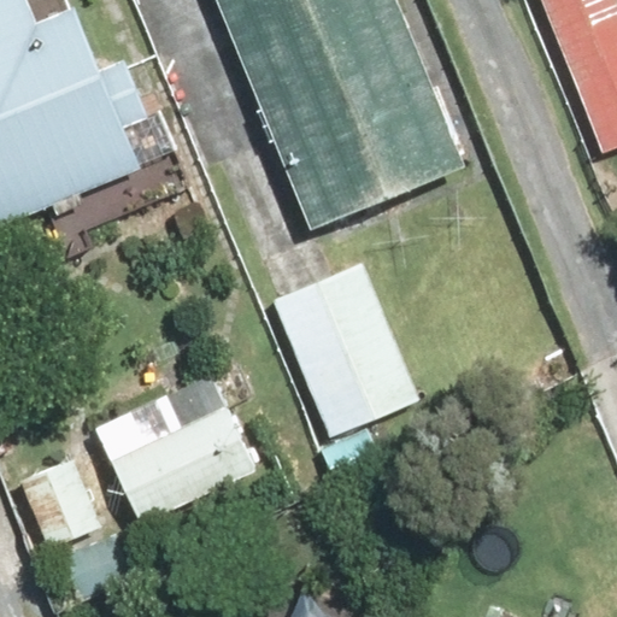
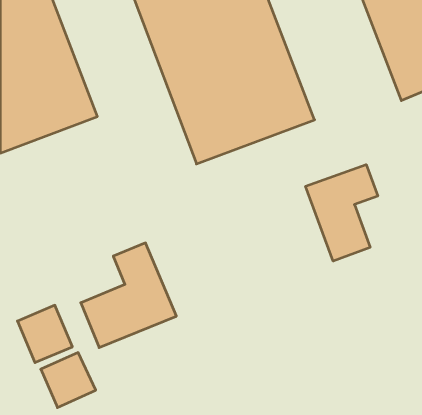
building: none -> [306,165,378,261]
building: [269,263,417,427] -> none

